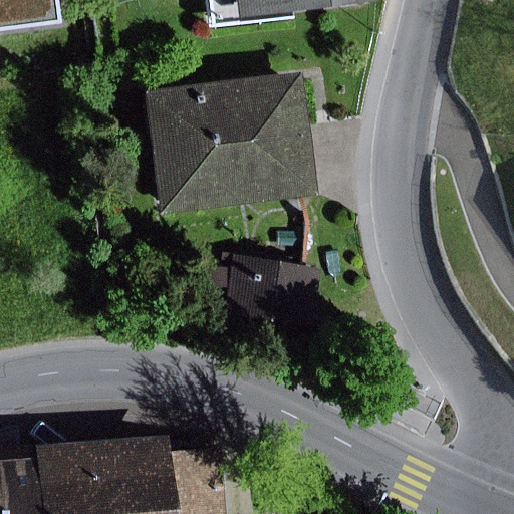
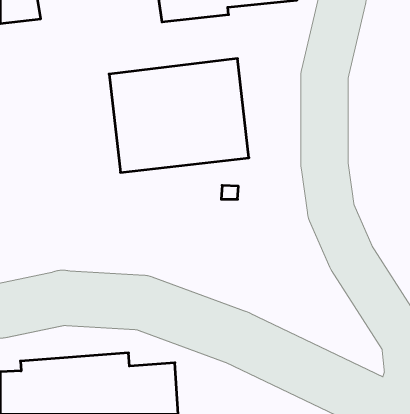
building: [207,252,322,328] -> none

